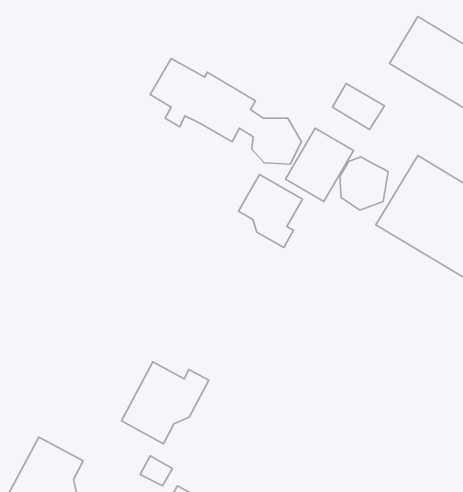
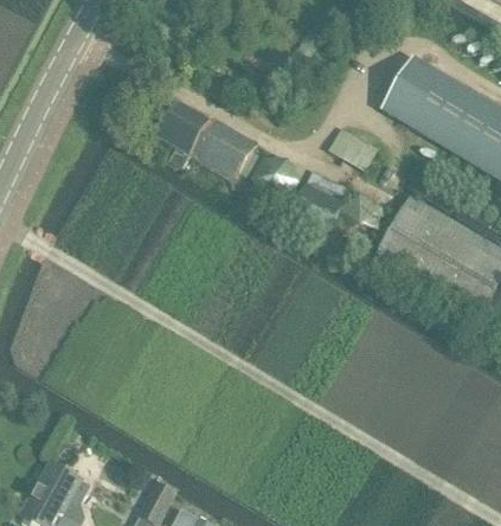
building: [238,175,303,248] -> none
building: [121,362,209,444] -> none

